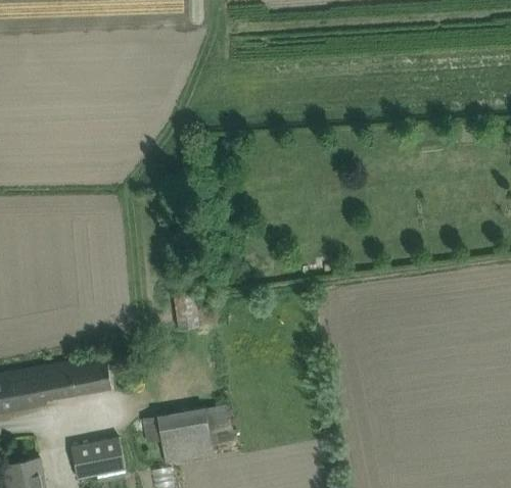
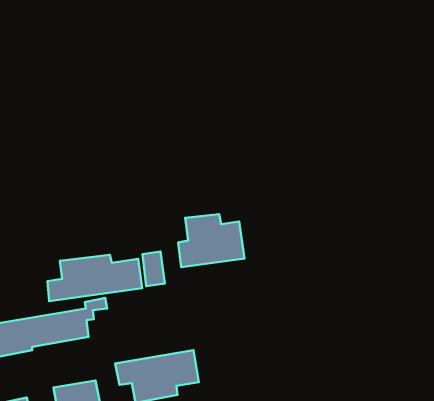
building: none -> [178,214,244,267]
building: none -> [47,255,142,301]

